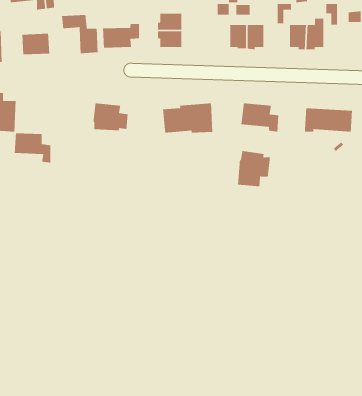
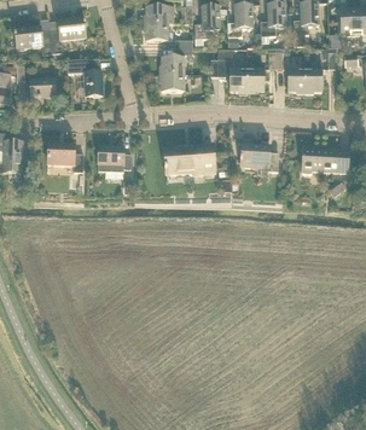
building: [102,23,140,48] -> none
building: [14,132,51,164] -> [47,143,83,173]
building: [237,150,271,187] -> none

